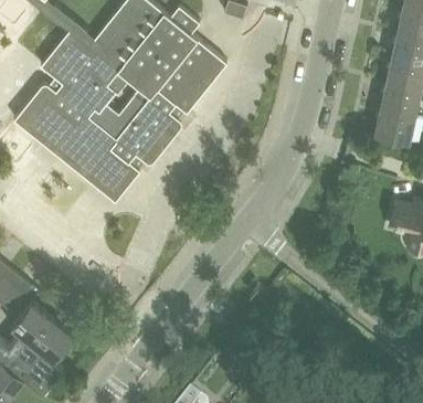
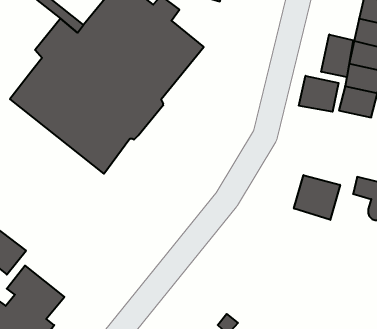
building: none -> [321,34,353,77]
building: none -> [299,76,339,112]
building: none -> [294,175,340,220]

